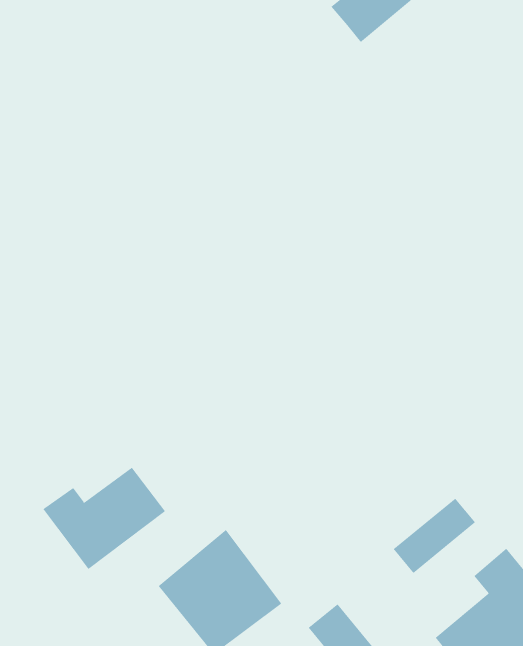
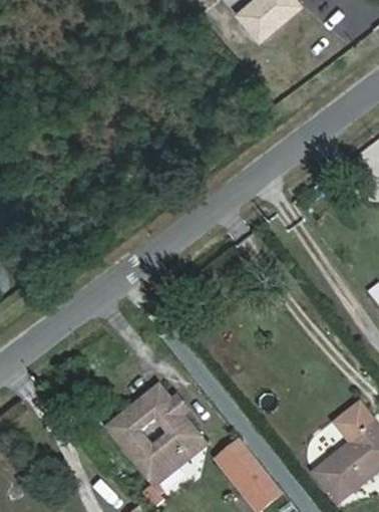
building: [43,467,166,570] -> none
building: [393,498,476,574] -> none

